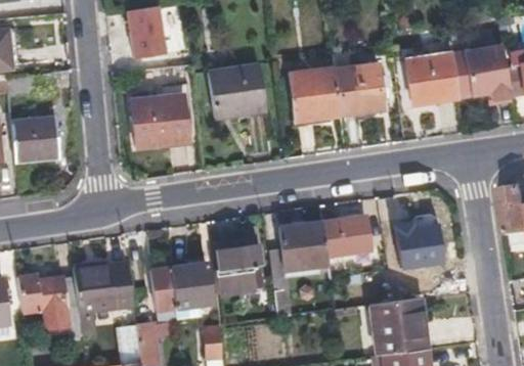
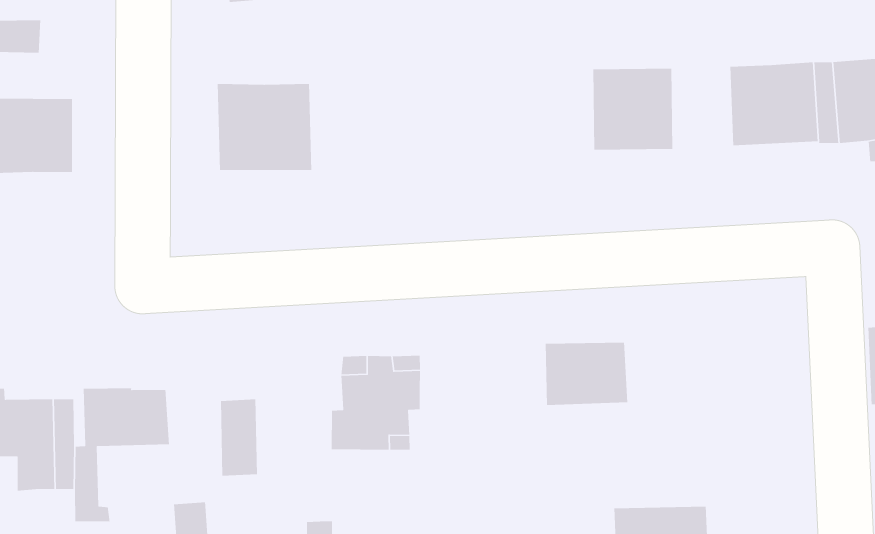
building: [208,64,265,115] -> none
building: [291,70,339,121] -> none
building: [268,221,329,318] -> none
building: [397,224,447,269] -> none
building: [171,262,212,308] -> none

